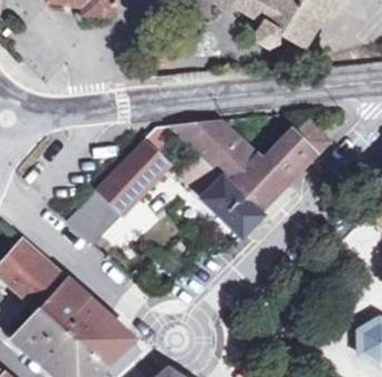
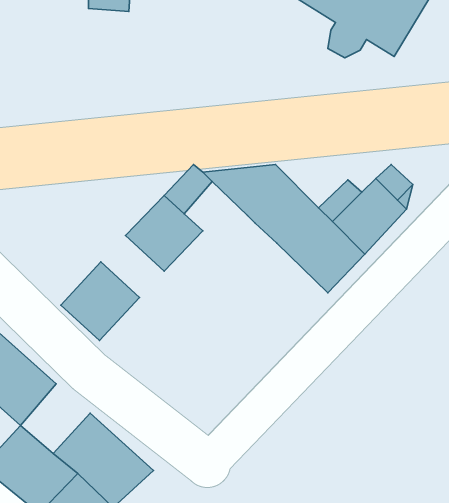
building: [183,159,262,237] -> none
building: [97,173,143,217] -> none
building: [40,279,90,329] -> none

